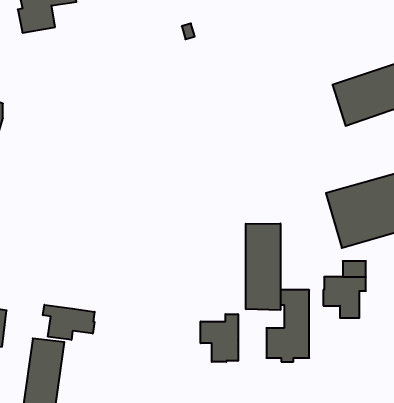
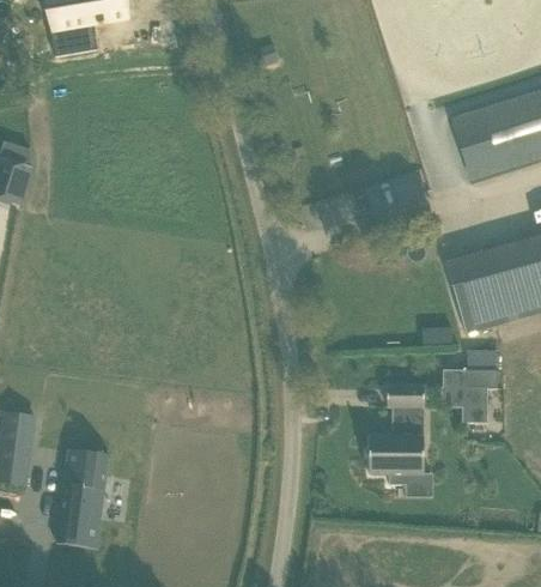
building: [246,223,280,310] -> none
building: [43,305,95,340] -> none
building: [201,314,238,362] -> none

